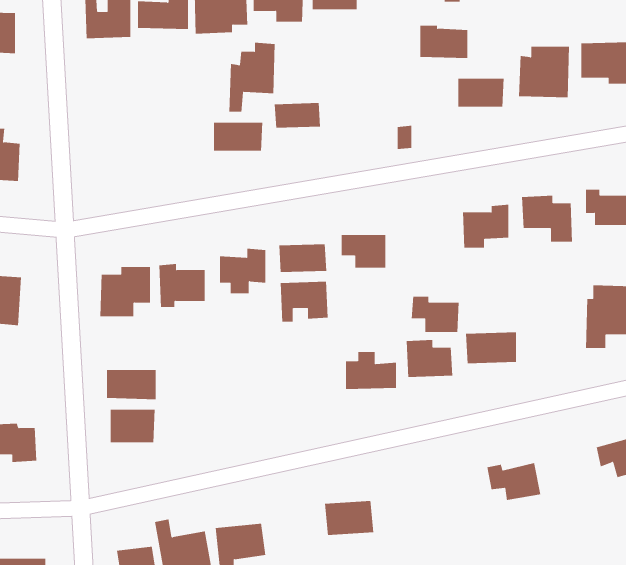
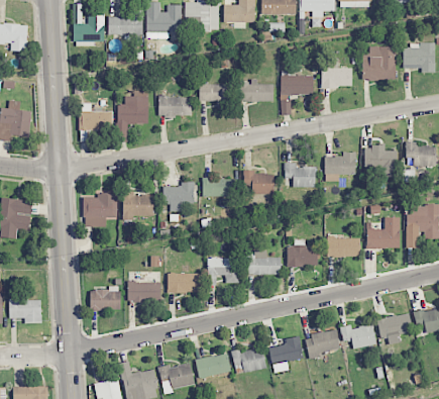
building: [420,25,468,59] -> [281,73,313,95]
building: [229,42,276,112] -> [117,90,148,136]
building: none -> [239,81,273,101]
building: none -> [79,103,112,130]
building: [280,281,328,322] -> [207,258,239,285]
building: [411,296,460,333] -> [284,163,316,187]
building: none -> [366,217,400,248]
building: [106,369,156,400] -> [127,282,160,302]
building: none -> [167,273,201,293]
building: none -> [376,313,413,338]
building: none -> [305,324,339,359]
building: none -> [268,335,303,373]
building: none -> [195,353,230,378]

